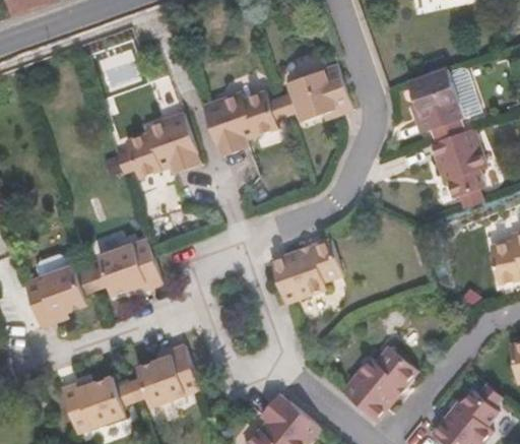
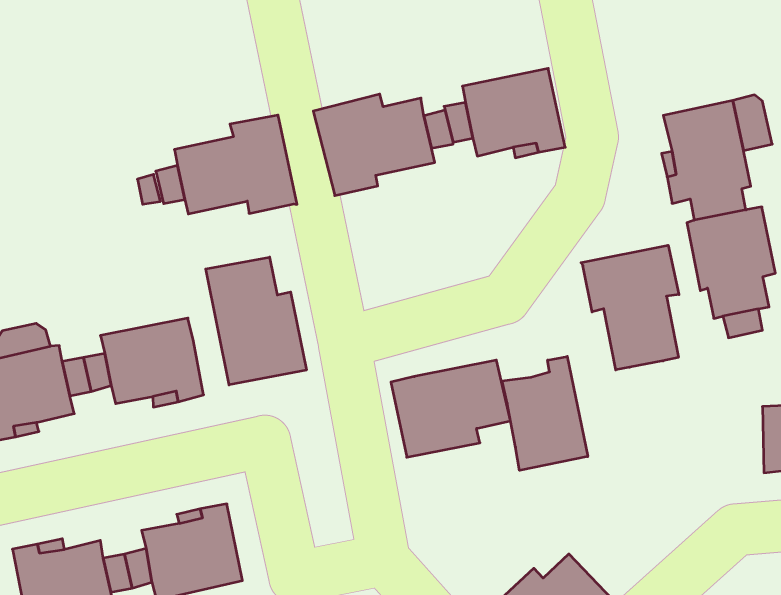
building: none -> [581,245,679,370]
building: none -> [206,257,306,385]
building: none -> [502,356,588,470]

